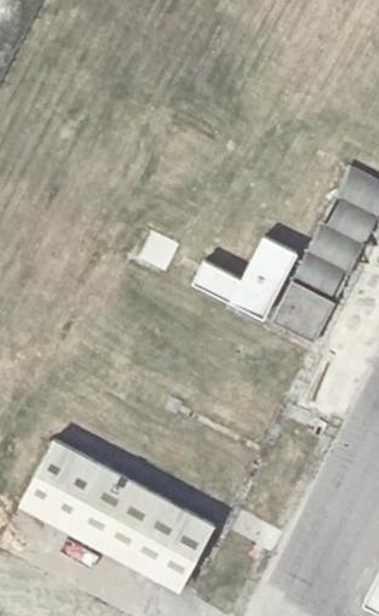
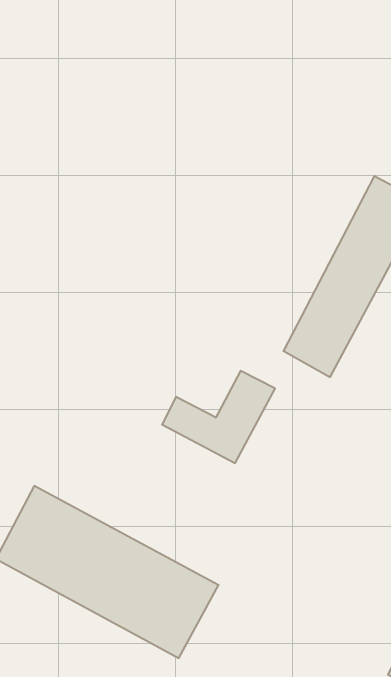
building: [200,239,298,320] -> [162,371,275,463]

